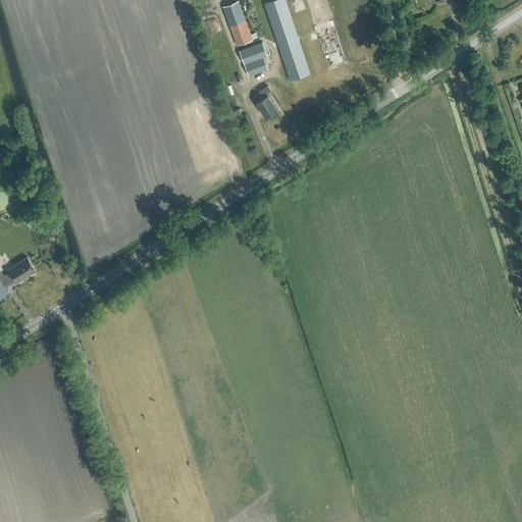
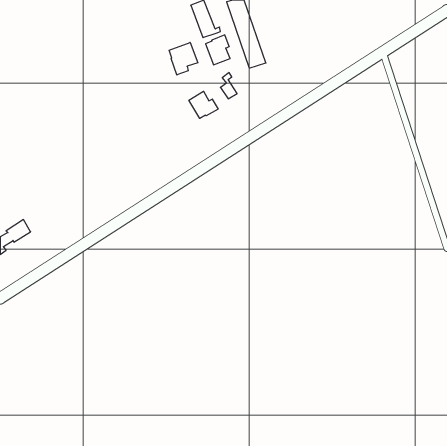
building: none -> [169,42,198,75]
building: none -> [189,91,218,118]

